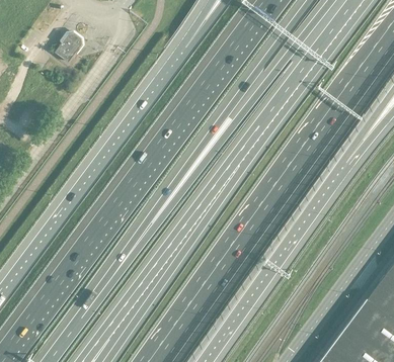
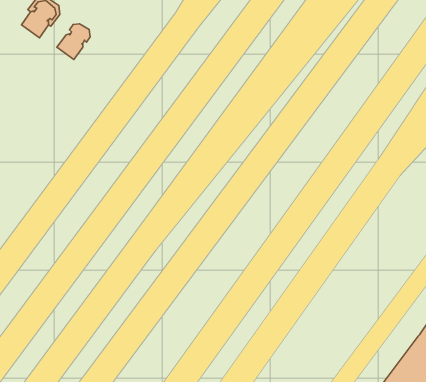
building: none -> [57,24,90,60]

